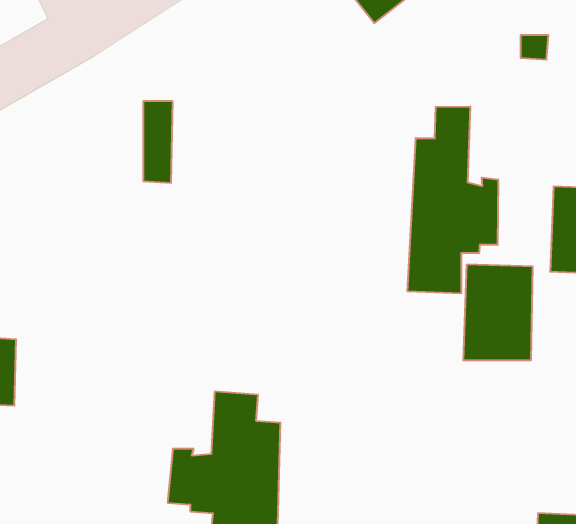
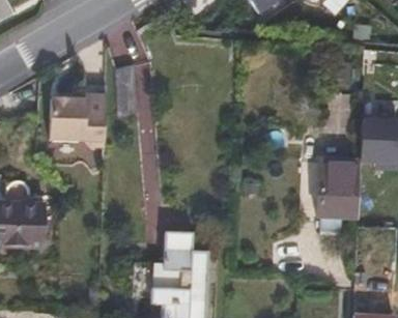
building: [408,106,498,293] -> none
building: none -> [51,91,109,145]

